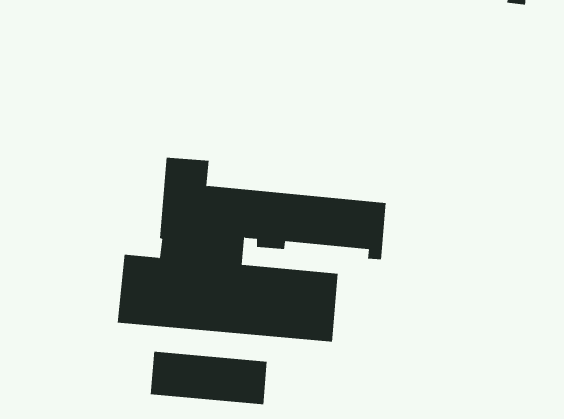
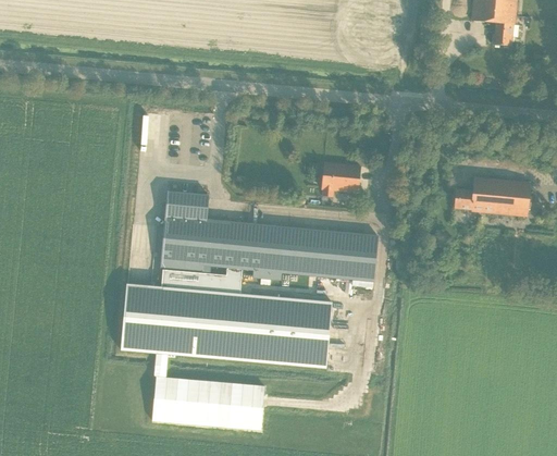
building: none -> [325,161,361,194]
building: none -> [454,176,530,215]

